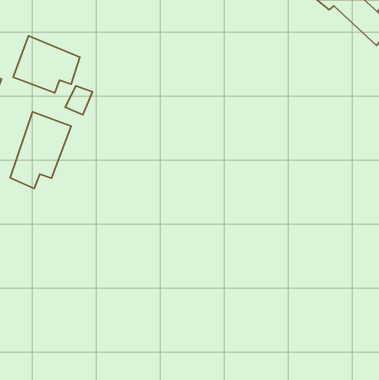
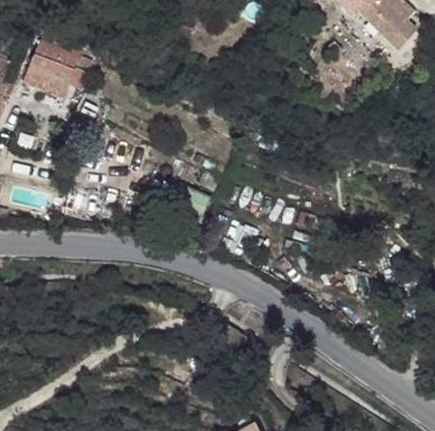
building: [10,112,71,188] -> none

